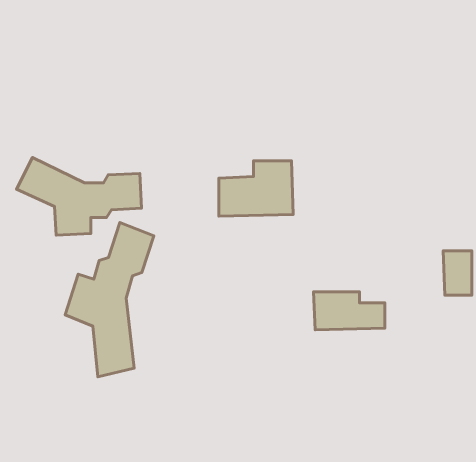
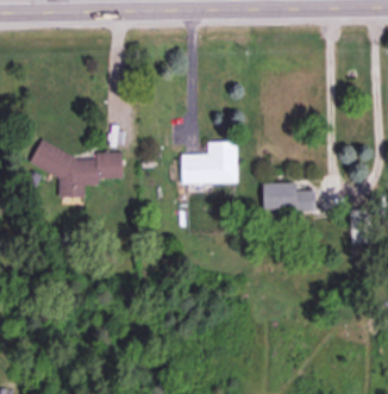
building: [65,222,154,377] -> none
building: [314,292,385,330] -> [263,182,317,211]

